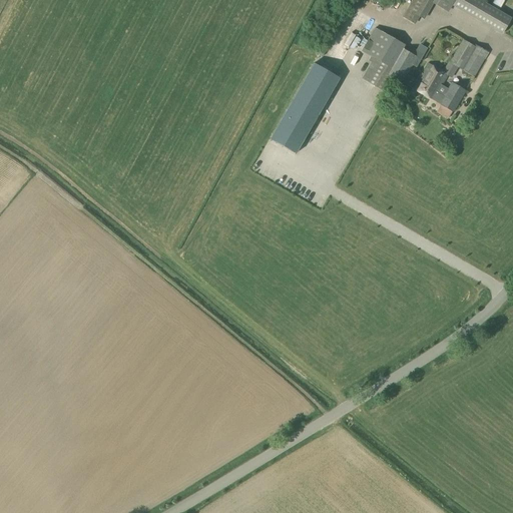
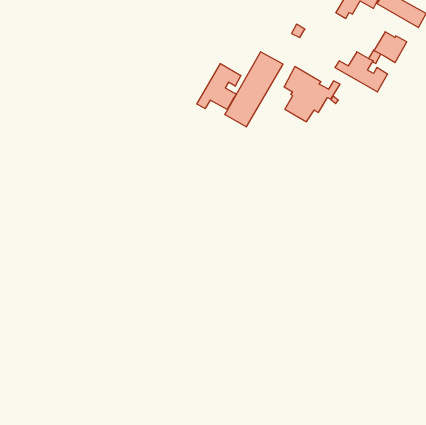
building: [362,26,429,92] -> [284,67,340,122]
building: none -> [197,64,241,109]

